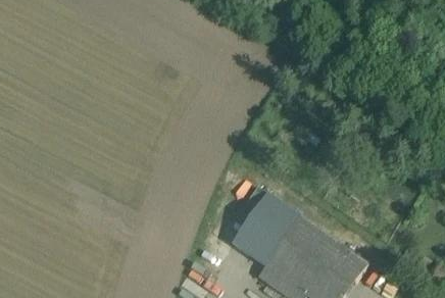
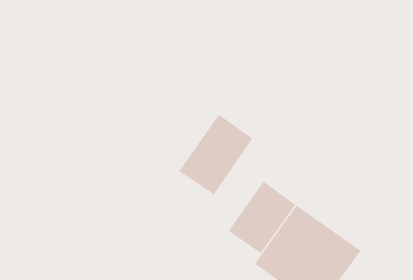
building: none -> [178,114,253,195]

